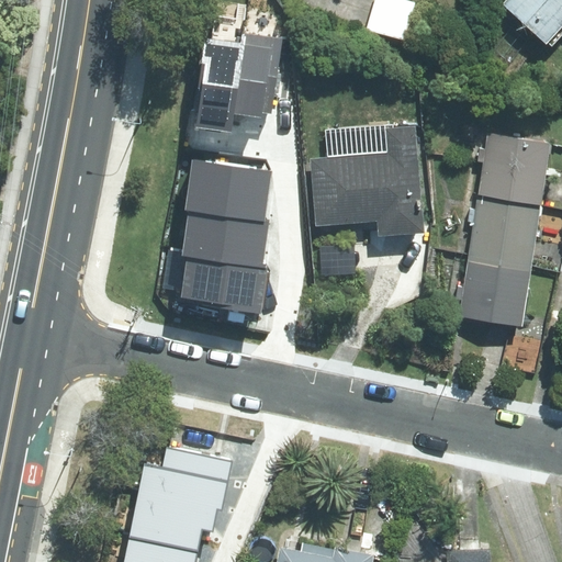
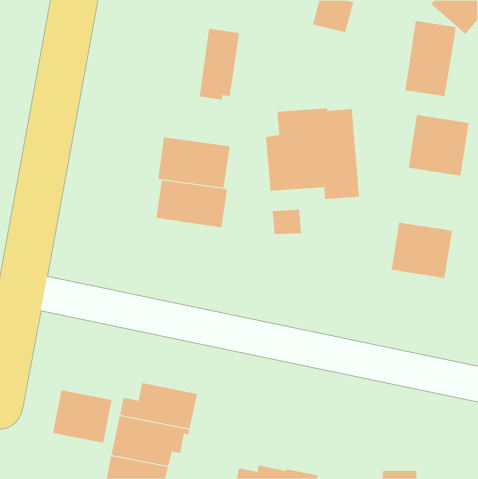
building: none -> [404,20,456,97]
building: [195,38,243,132] -> none
building: [467,196,540,270] -> none
building: [179,256,266,313] -> none
building: none -> [52,389,112,443]

